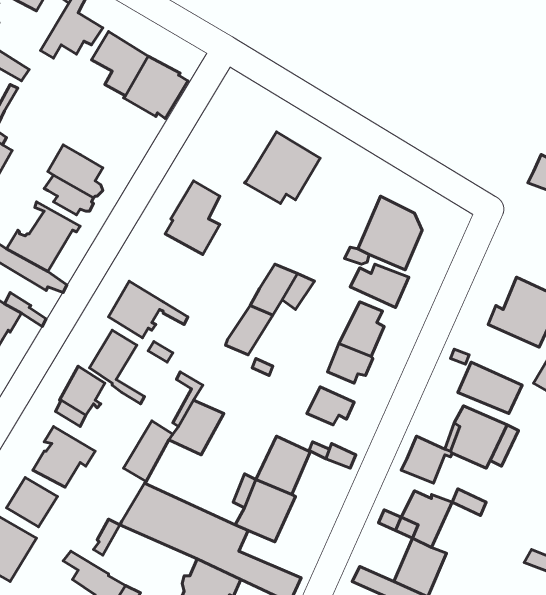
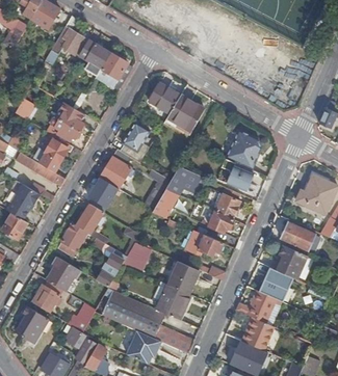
building: none -> [148,82,180,113]
building: none -> [99,149,130,188]

